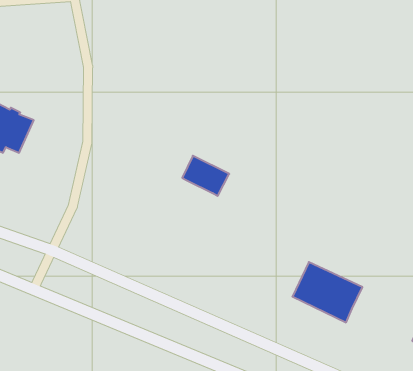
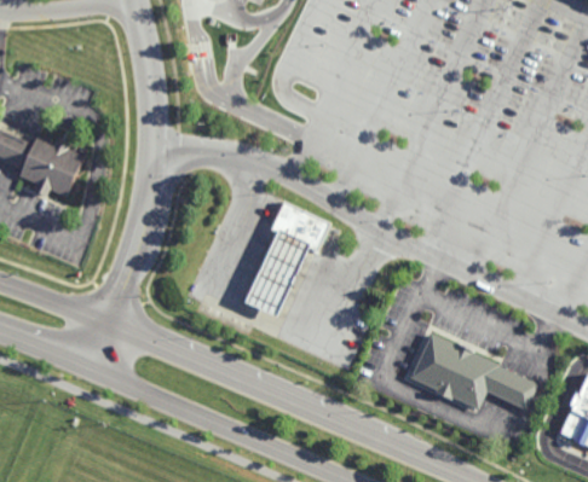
building: none -> [243,231,310,318]
building: none -> [485,365,538,411]

